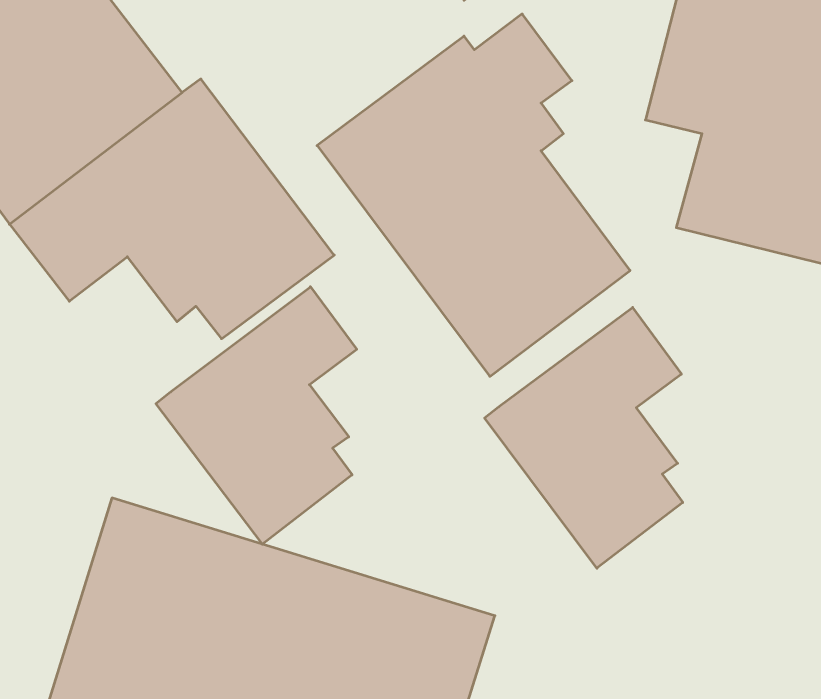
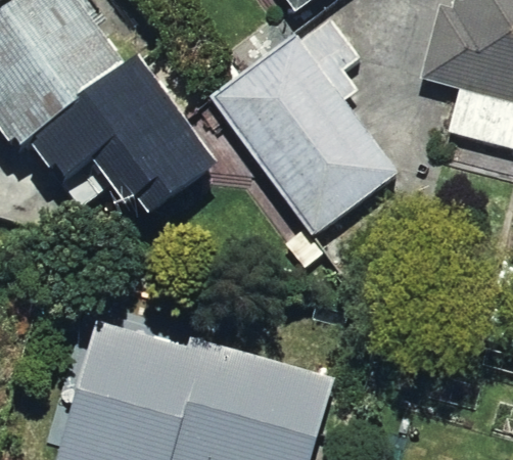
building: [156,287,357,544] -> none
building: [485,307,683,568] -> none

